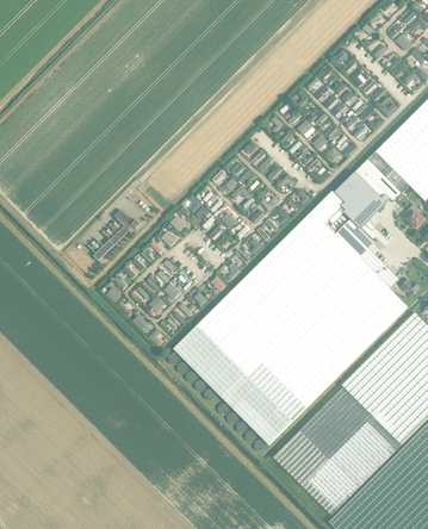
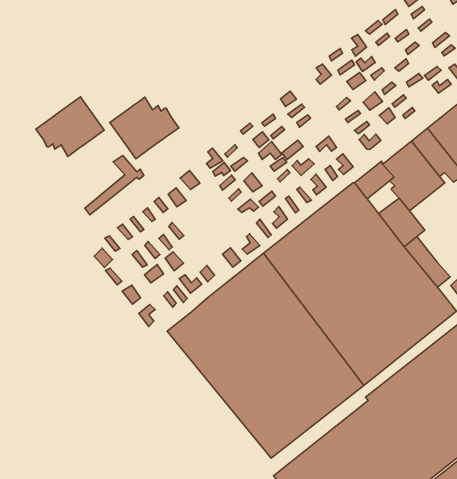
building: none -> [110,97,179,159]
building: none -> [36,97,104,156]

